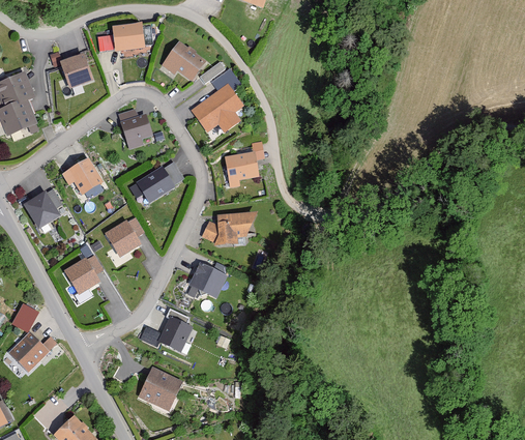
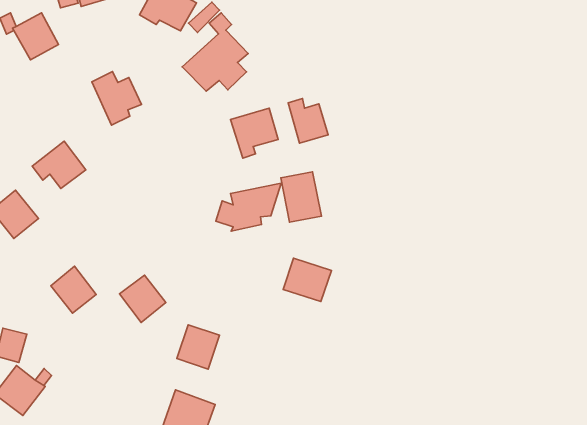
building: none -> [288,99,328,143]
building: [128,163,184,204] -> none
building: none -> [281,172,321,222]
building: [106,221,142,258] -> [119,275,166,322]
building: [188,262,229,299] -> [283,258,331,302]

